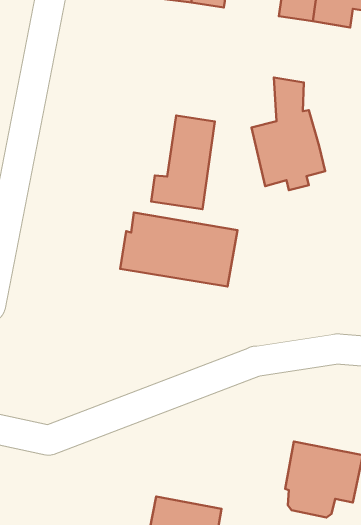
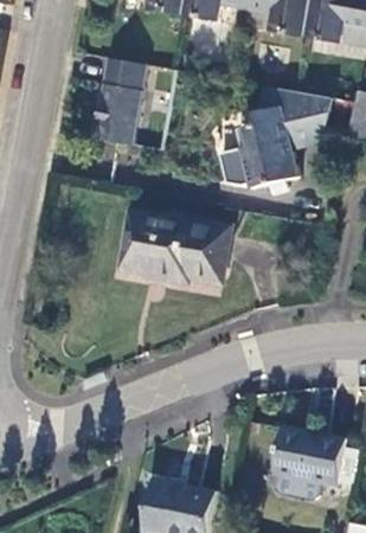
building: none -> [289,91,335,152]
building: [151,115,215,209] -> [83,56,143,145]

